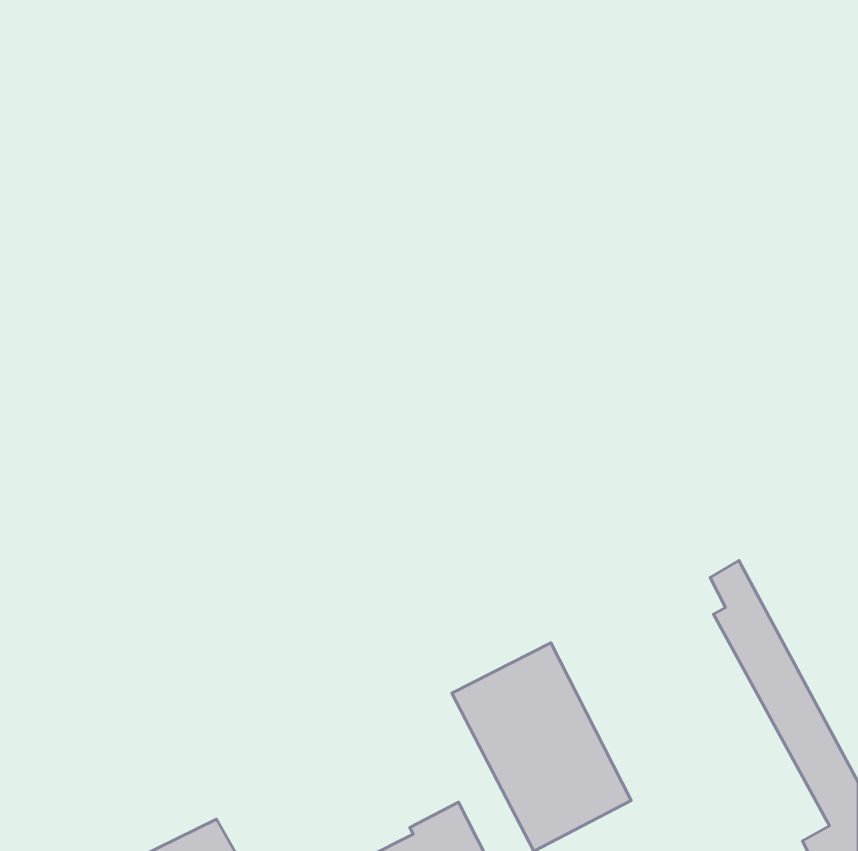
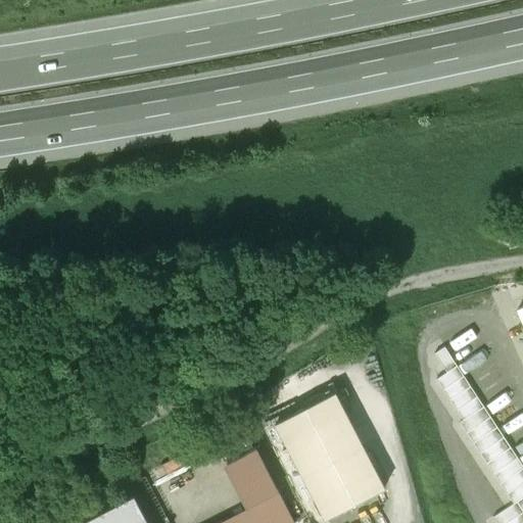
building: none -> [227,449,279,508]

